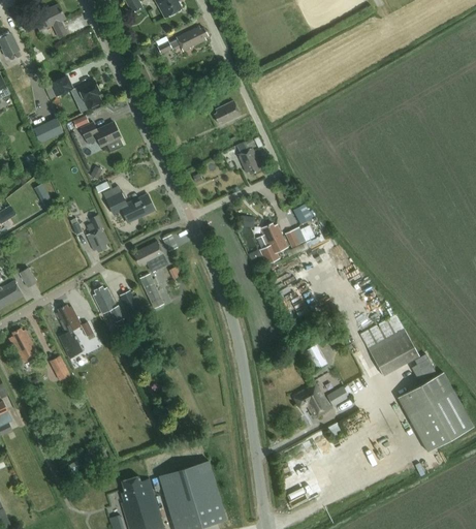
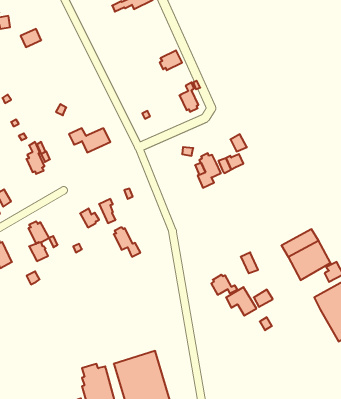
building: [77,81,101,110] -> none
building: [73,117,121,148] -> none
building: [33,118,63,144] -> none
building: [87,215,108,253] -> [26,142,45,174]
building: [134,241,168,272] -> none
building: [93,287,125,322] -> [114,227,140,257]
building: none -> [211,275,237,295]

